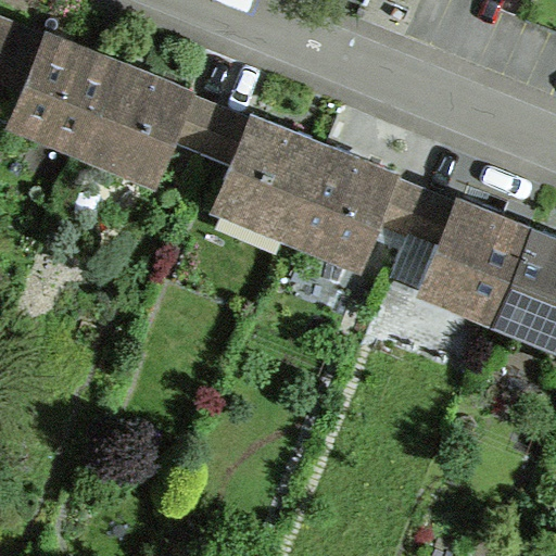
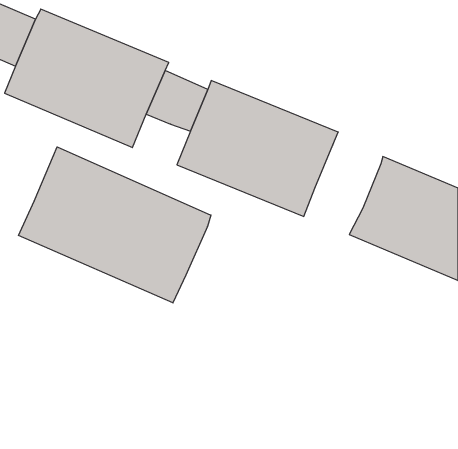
building: [377,190,456,266] -> none
building: none -> [18,147,211,303]

